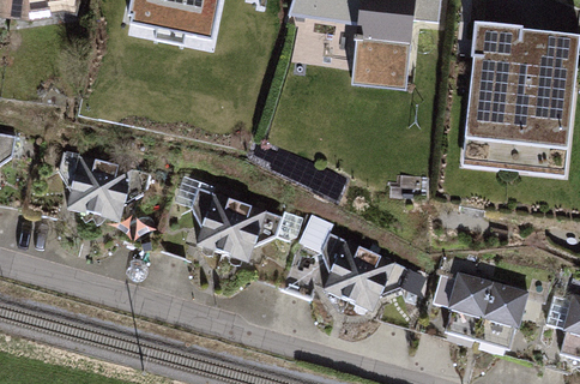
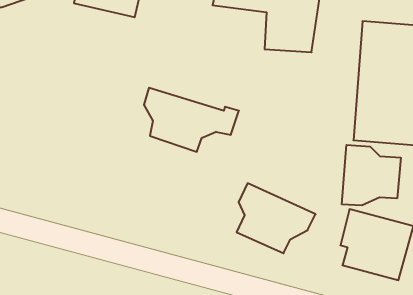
building: [60,151,153,226] -> none
building: none -> [342,145,401,205]
building: [191,188,304,265] -> [144,88,239,152]

